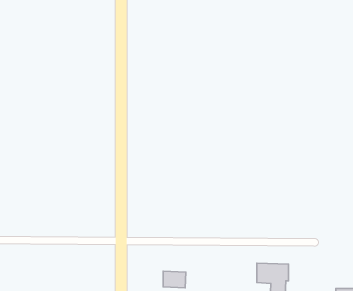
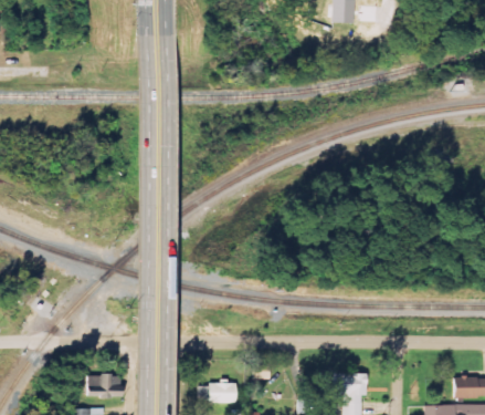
building: none -> [86,375,123,397]

